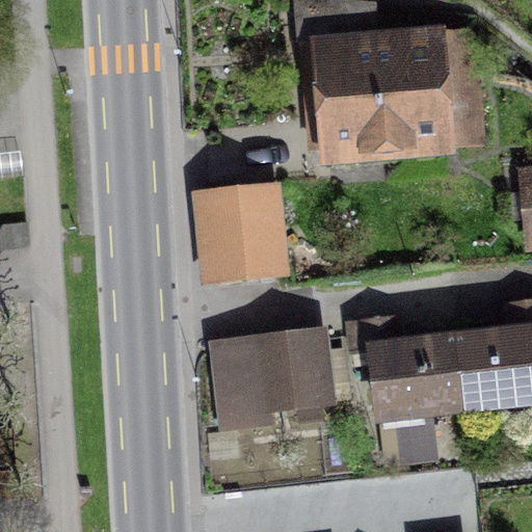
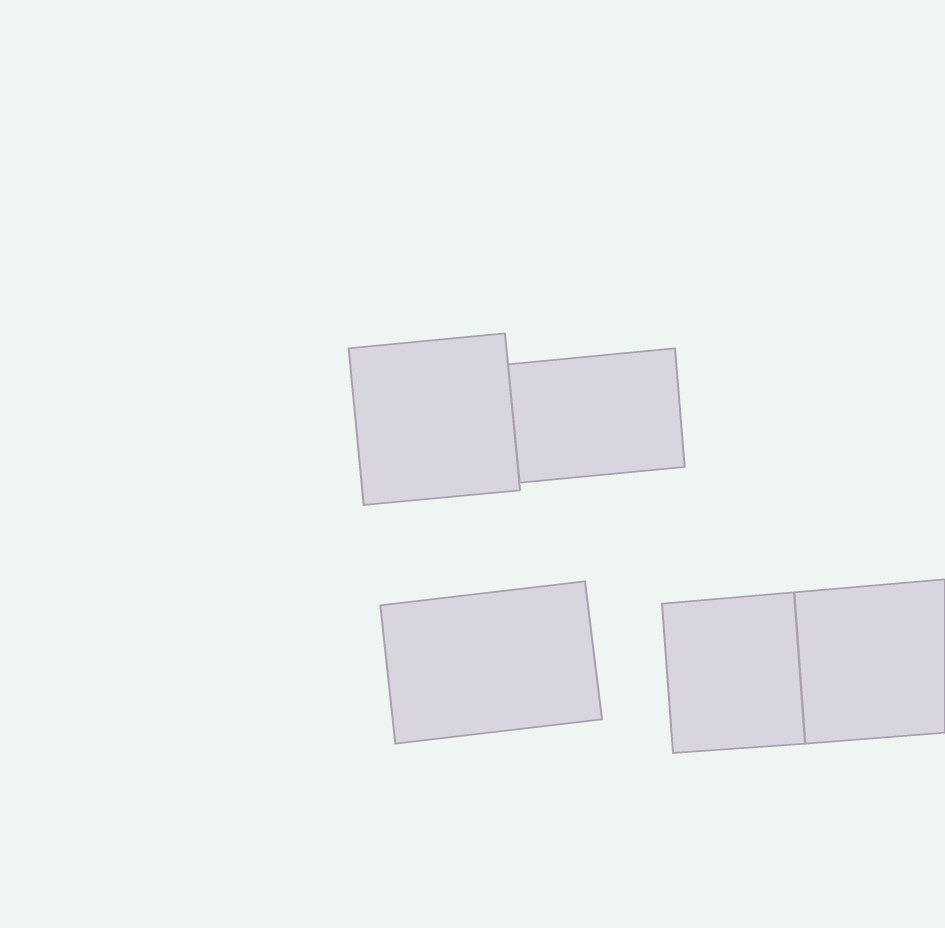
building: [312,30,459,166] -> none
building: none -> [508,348,685,483]

